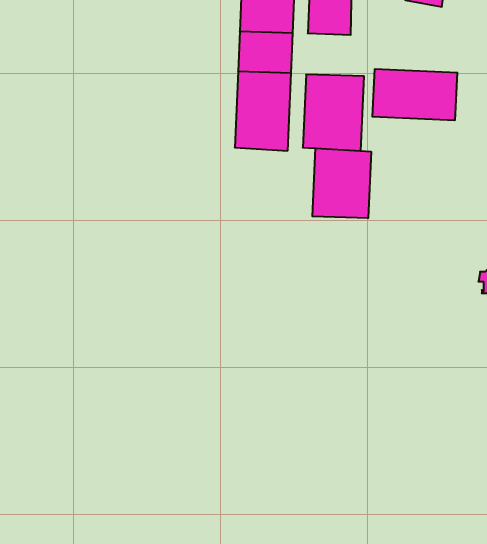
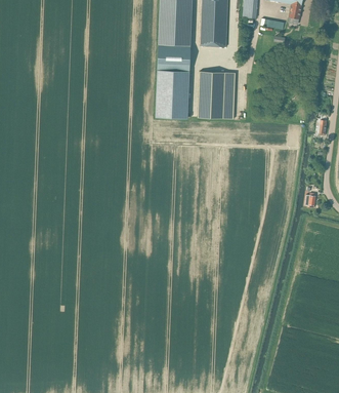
building: [372,69,457,120] -> none
building: [312,148,371,218] -> none

